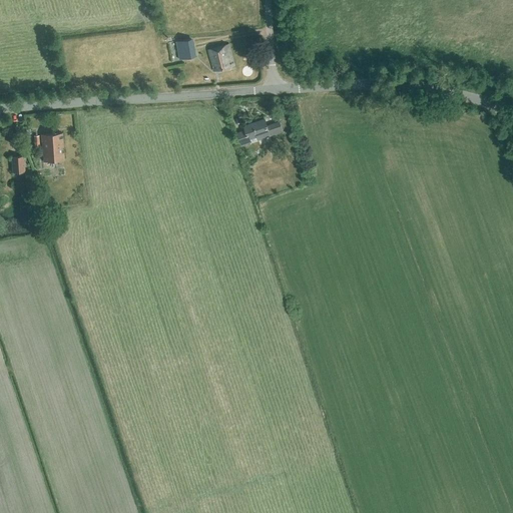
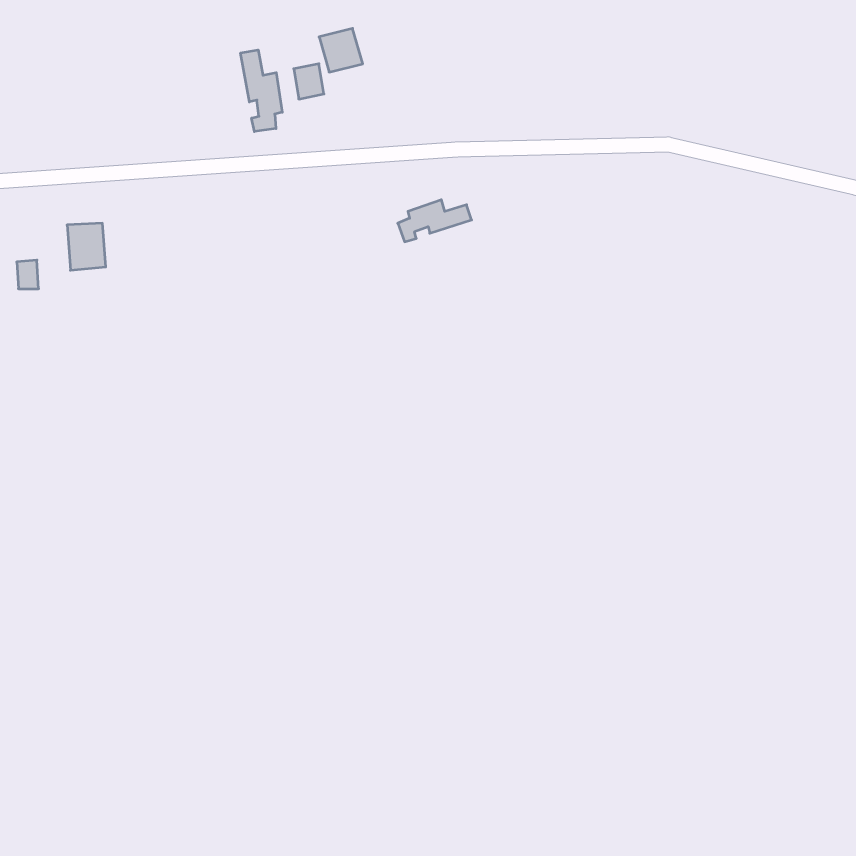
building: none -> [241,50,282,132]
building: [207,45,233,71] -> [319,28,363,72]

